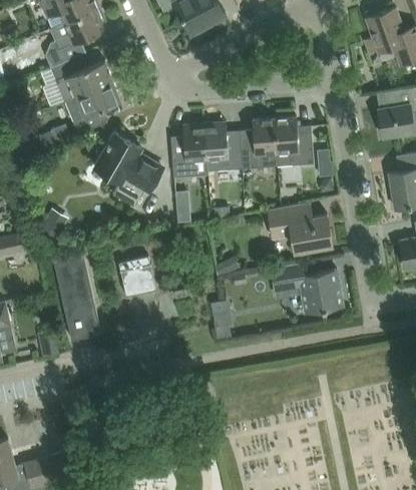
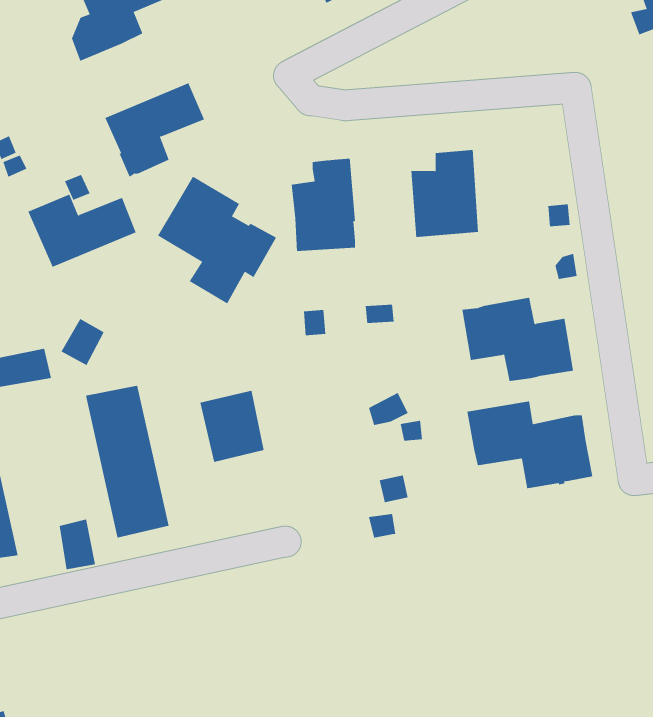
building: [50,59,112,101] -> [28,194,137,268]
building: [275,117,314,166] -> none
building: [204,123,242,171] -> none

